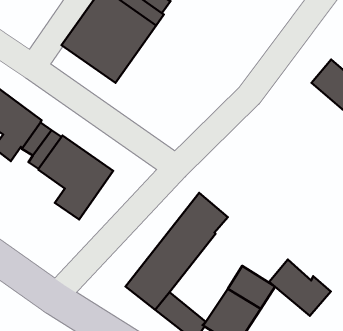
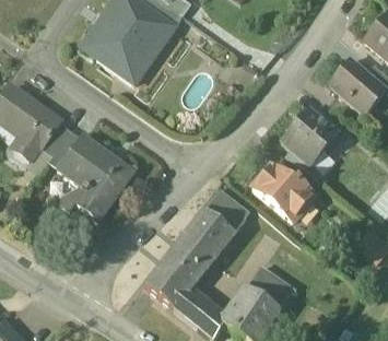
building: none -> [281,108,338,165]
building: [269,260,331,316] -> [252,165,314,221]

